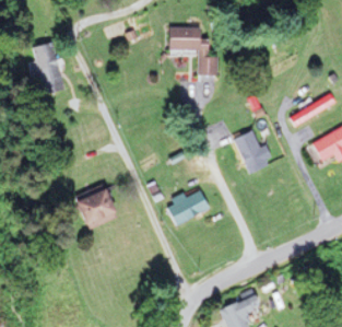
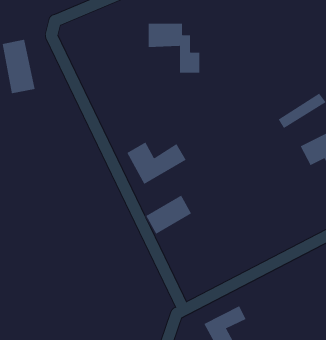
building: [235,130,274,173] -> none
building: none -> [127,141,187,185]
building: [72,189,115,230] -> none

